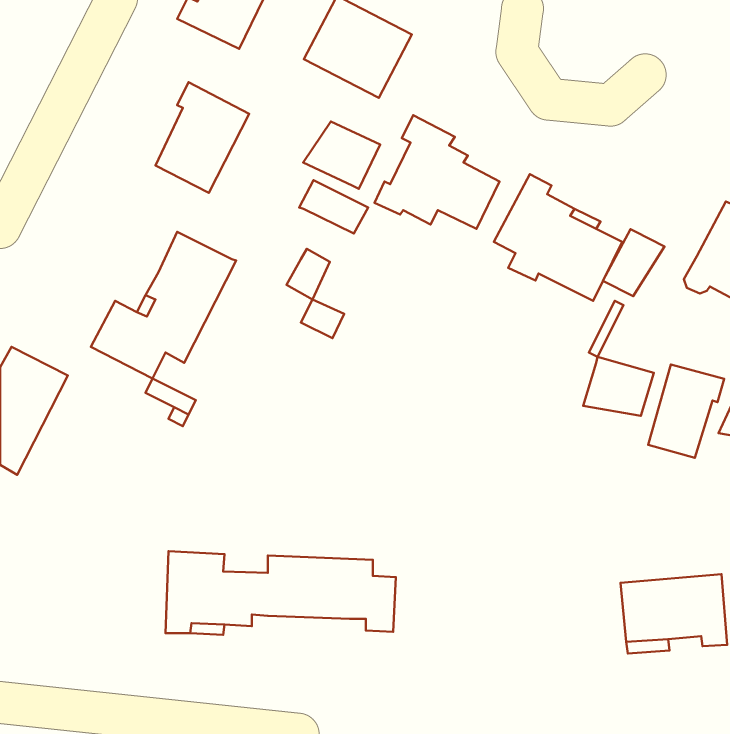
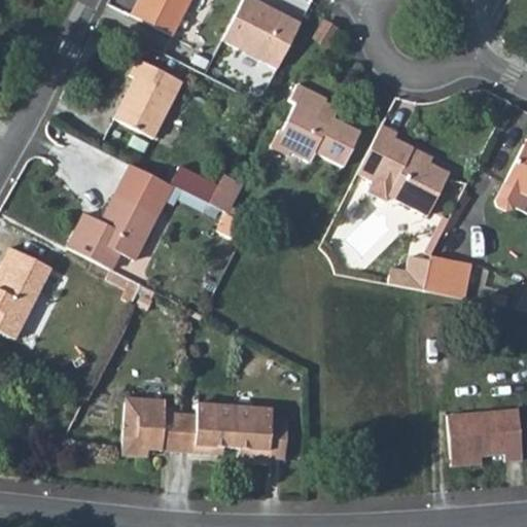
building: [303,121,380,189] -> none
building: [299,180,368,233] -> [170,166,219,204]
building: [603,229,665,296] -> none
building: none -> [383,254,430,290]
building: [648,365,724,458] -> none

